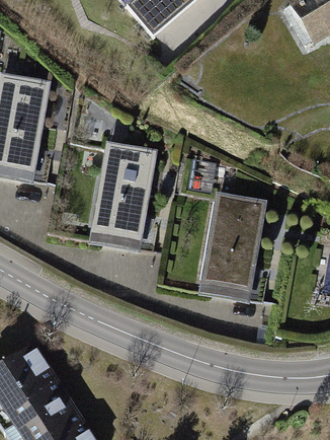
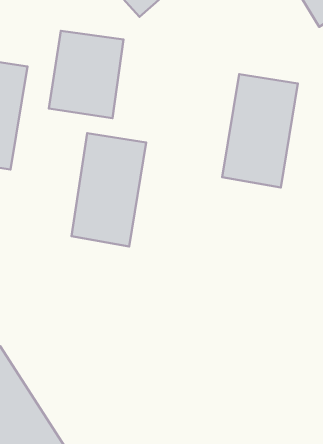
building: none -> [49,31,123,118]
building: [197,194,265,295] -> [222,74,298,187]

